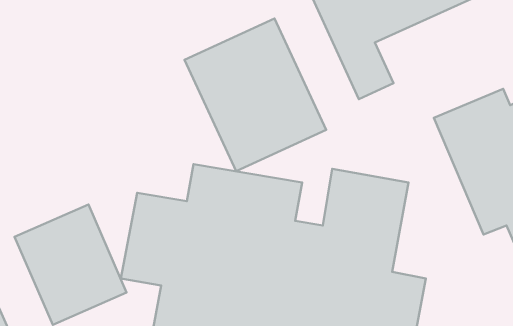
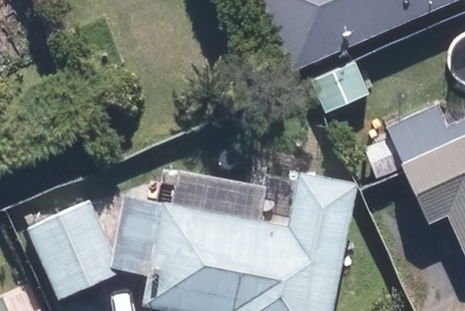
building: [185,19,326,171] -> none

